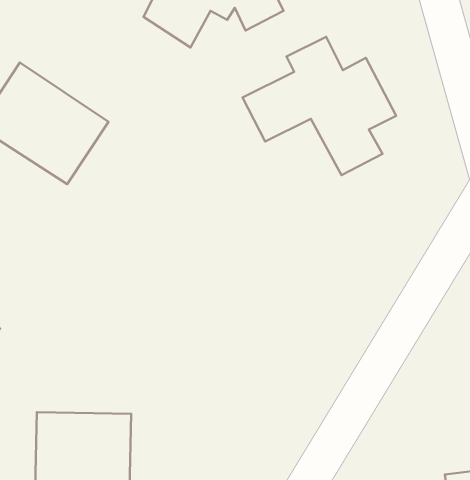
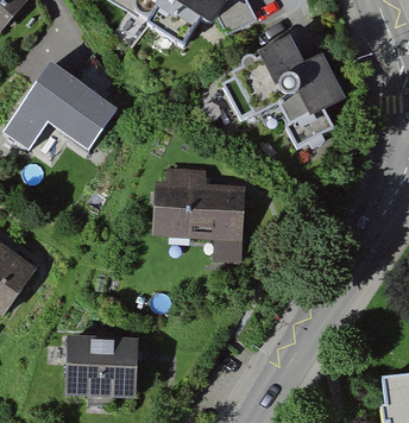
building: none -> [152,166,246,260]

